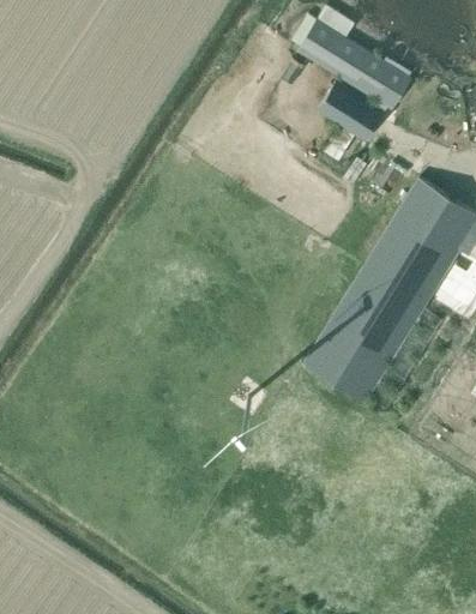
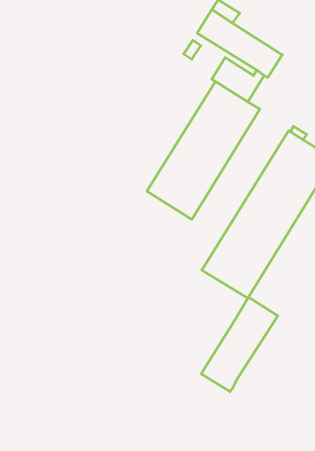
building: none -> [147,82,260,219]
building: none -> [201,297,278,392]

